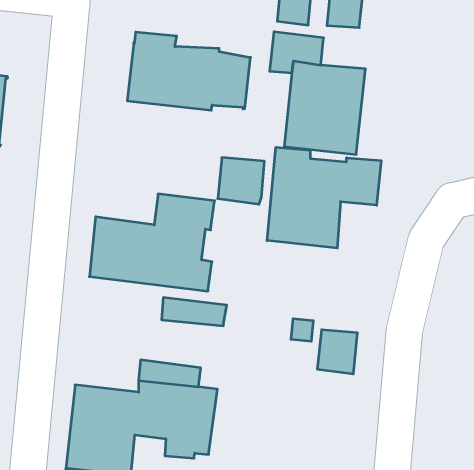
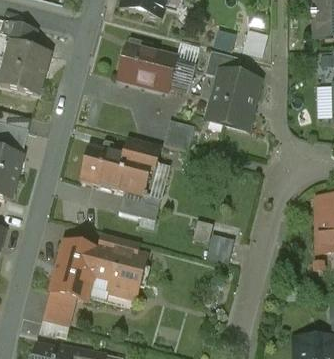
building: [267,147,381,248] -> none

